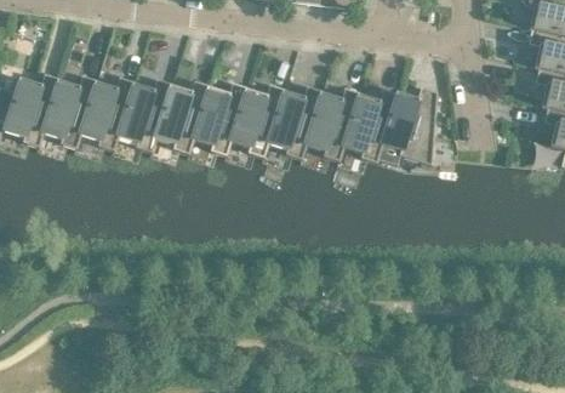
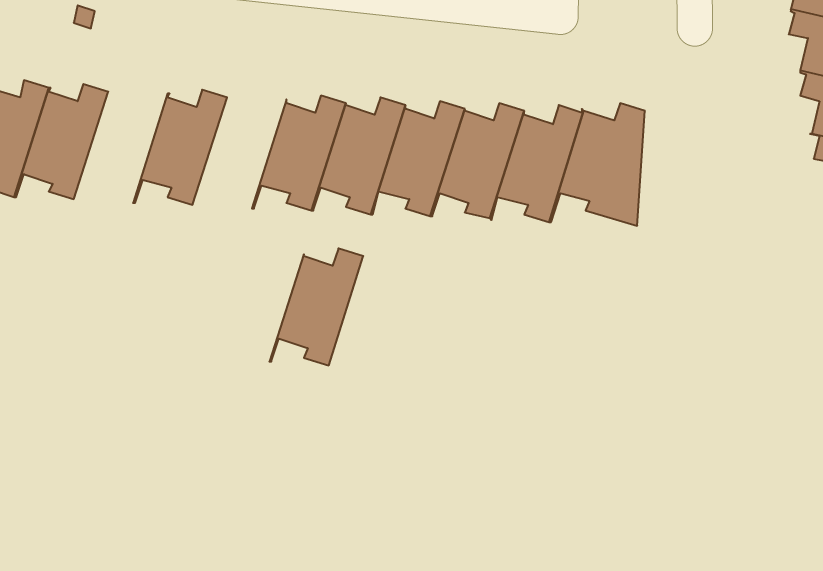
building: [75,75,135,149] -> none
building: [150,79,210,153] -> [269,248,363,365]

